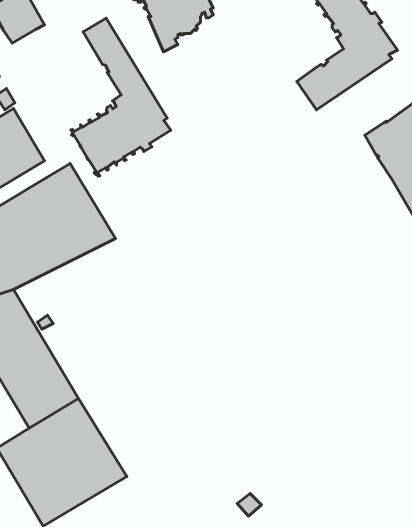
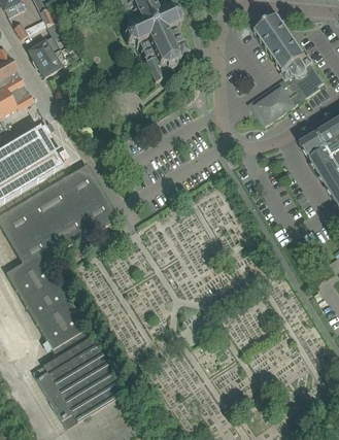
building: [71,18,171,176] -> none

